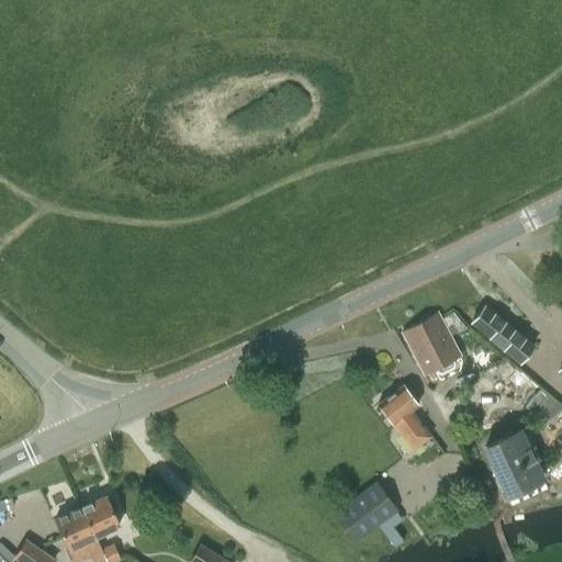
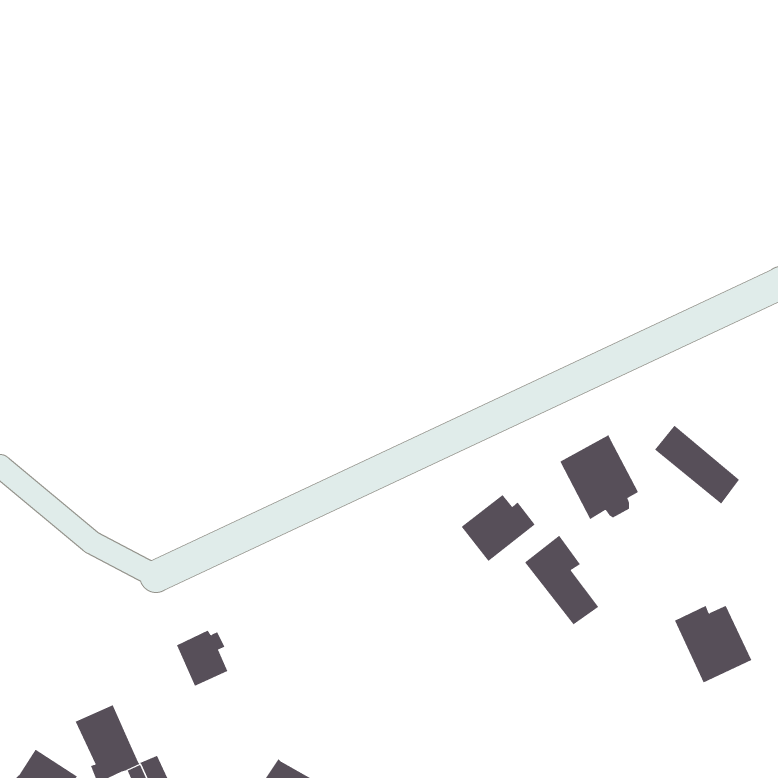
building: none -> [461,494,536,562]
building: [335,485,398,546] -> none
building: [83,497,121,538] -> [176,630,228,686]

